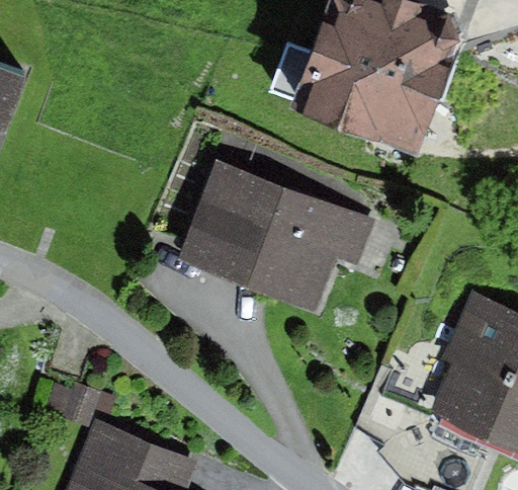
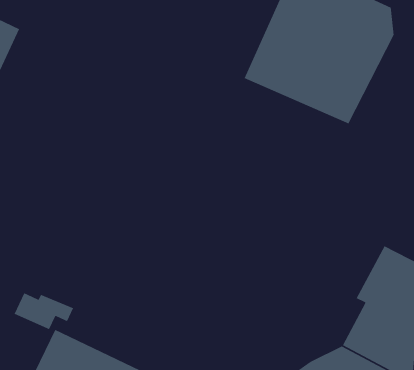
building: [181,161,373,308] -> none

